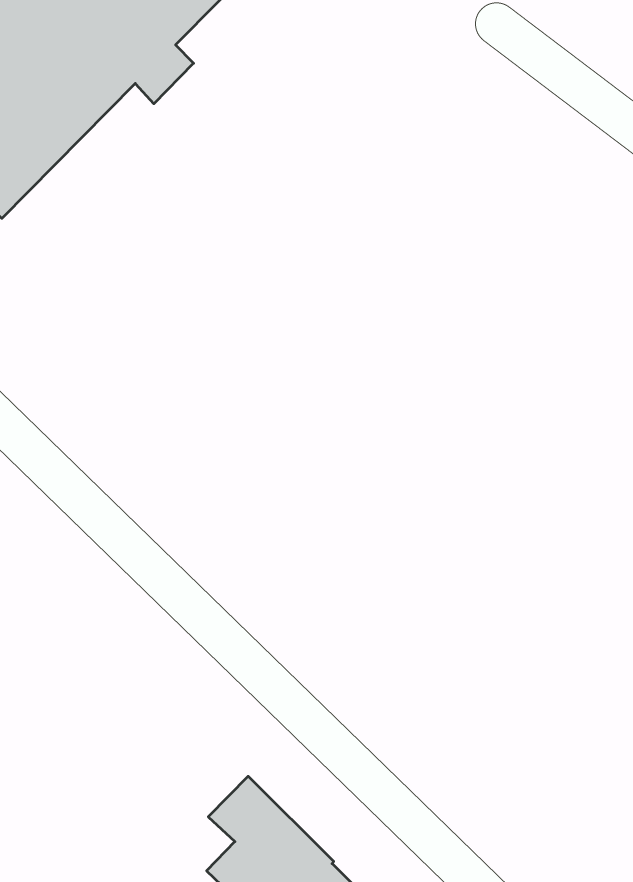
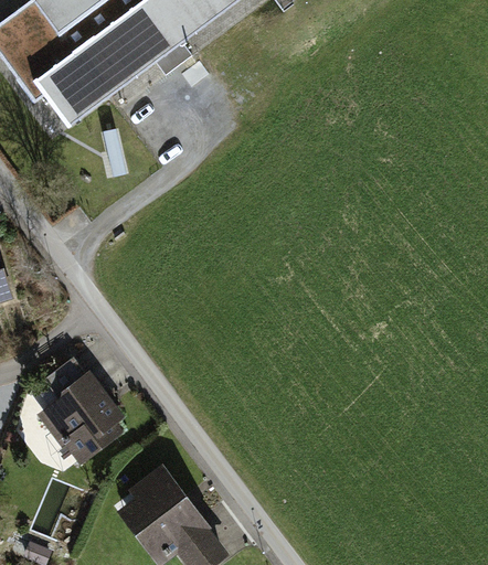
building: none -> [49,356,121,455]

